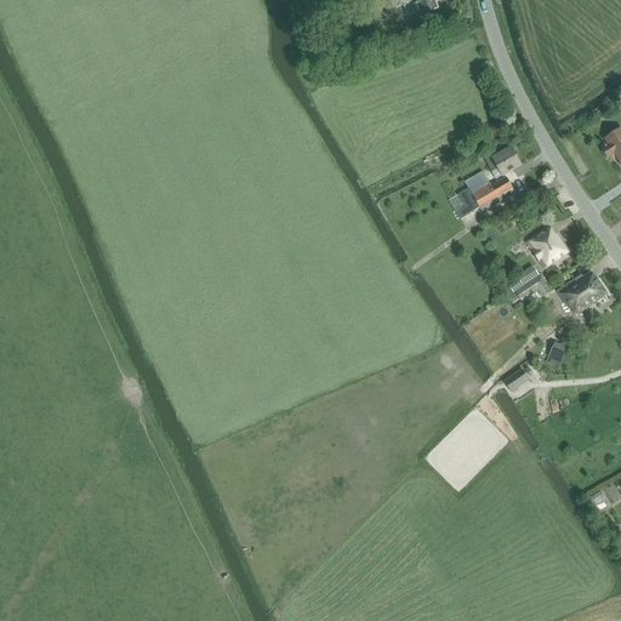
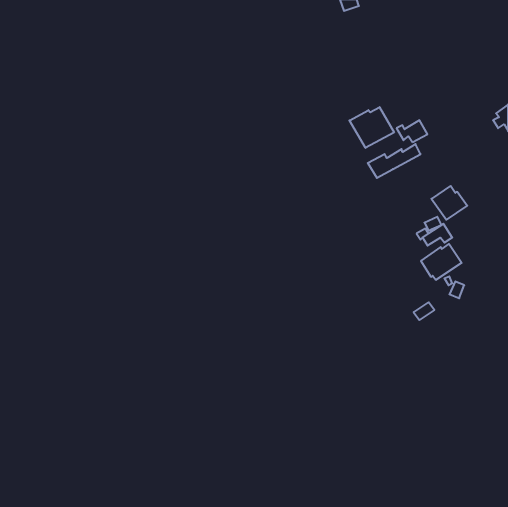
building: none -> [349,107,394,148]
building: [558,270,608,314] -> [421,244,462,280]

